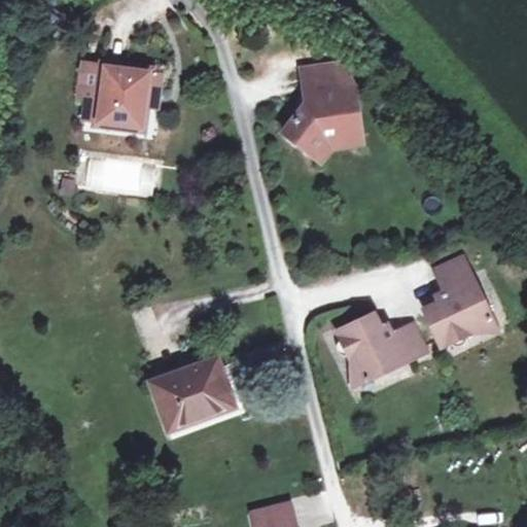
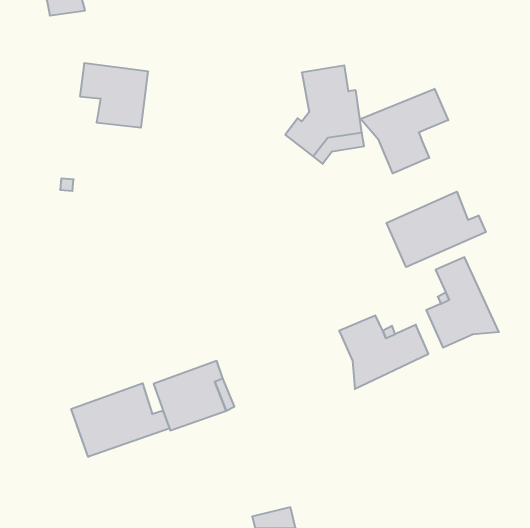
building: none -> [361,89,448,173]
building: none -> [387,192,486,267]
building: none -> [71,383,169,457]

